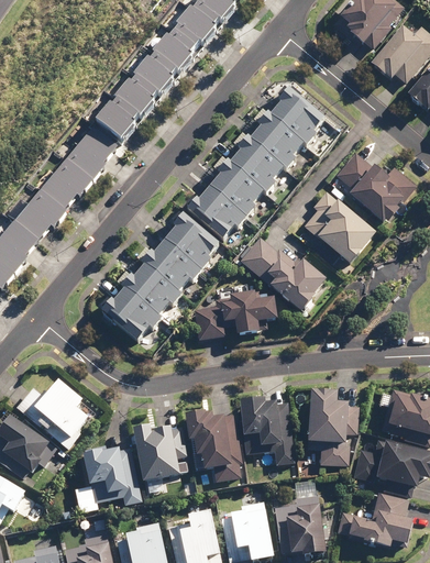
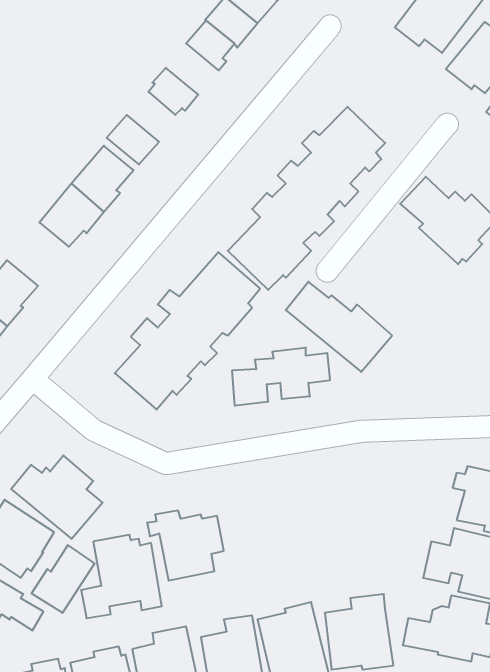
building: [143,42,186,84] -> none
building: [111,80,153,122] -> none
building: [13,188,66,240] -> none
building: [305,190,376,275] -> none
building: [308,389,350,465] -> none
building: [239,397,295,465] -> none
building: [186,406,243,482] -> none
building: none -> [32,545,95,613]

